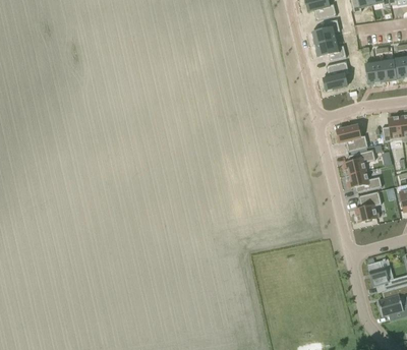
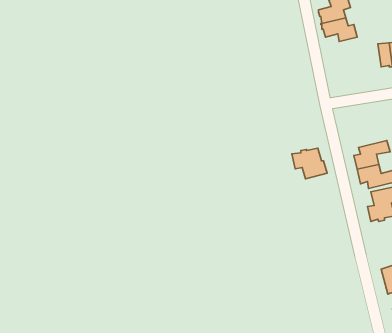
building: [323,61,349,92] -> none
building: [336,124,367,152] -> [292,148,327,179]

